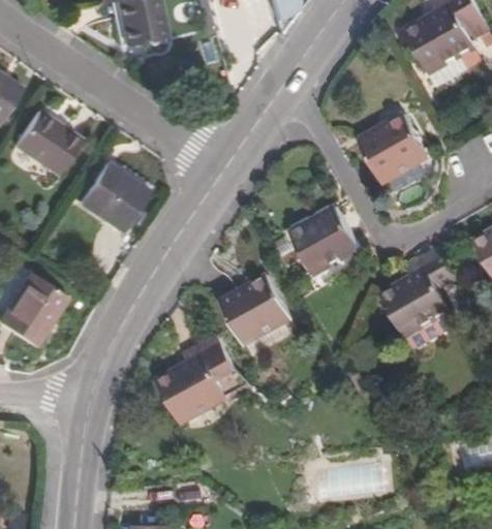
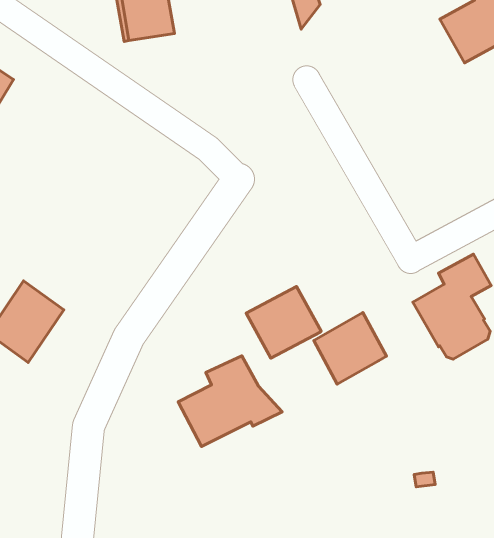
building: [362,112,431,178] -> none
building: [9,113,73,173] -> none
building: [71,161,142,229] -> none
building: [291,203,359,269] -> [314,313,386,384]

